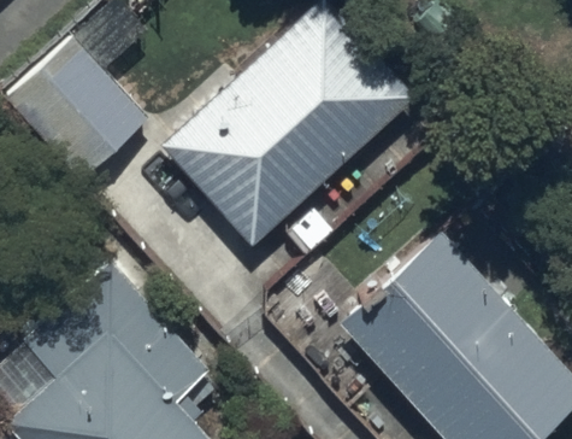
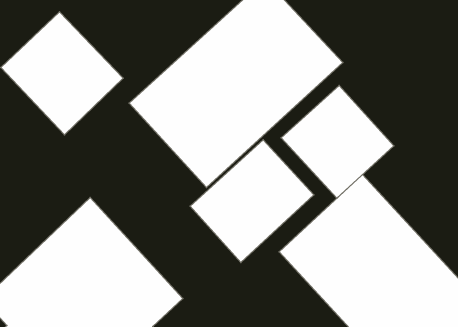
building: none -> [281,86,394,198]
building: none -> [190,140,314,262]

